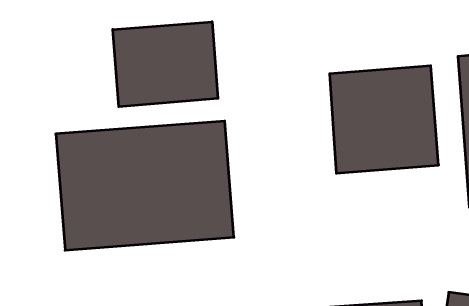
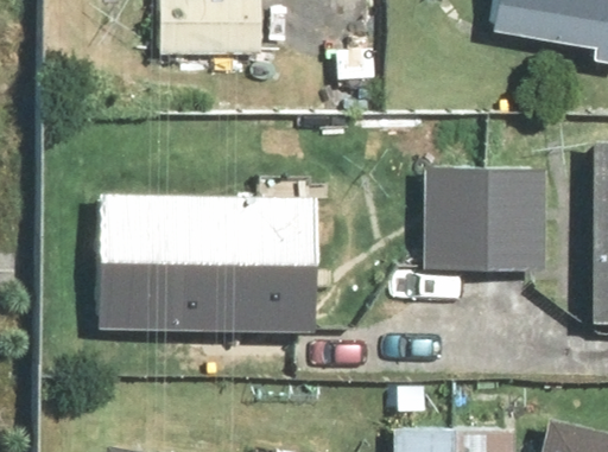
building: [113,22,218,107] -> none

